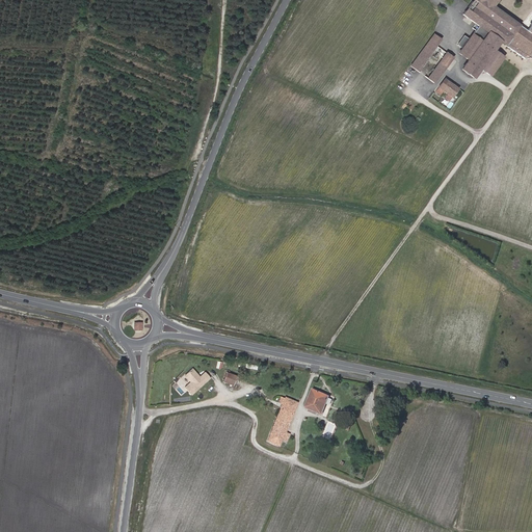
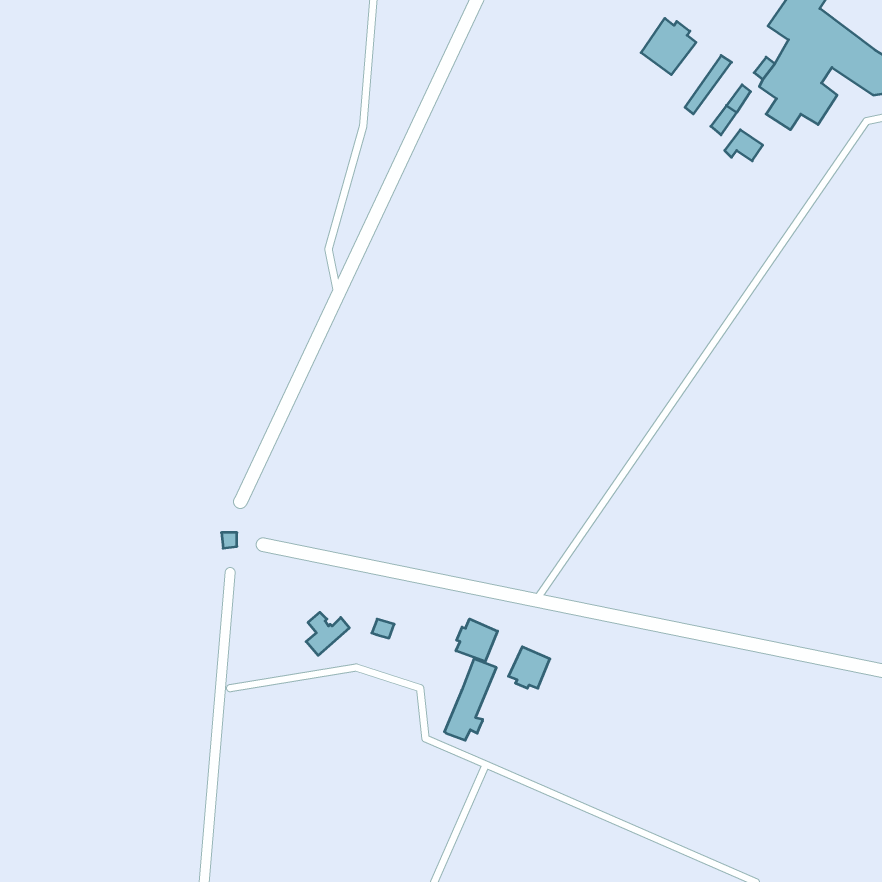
building: none -> [641,18,696,75]
building: none -> [456,619,498,662]

